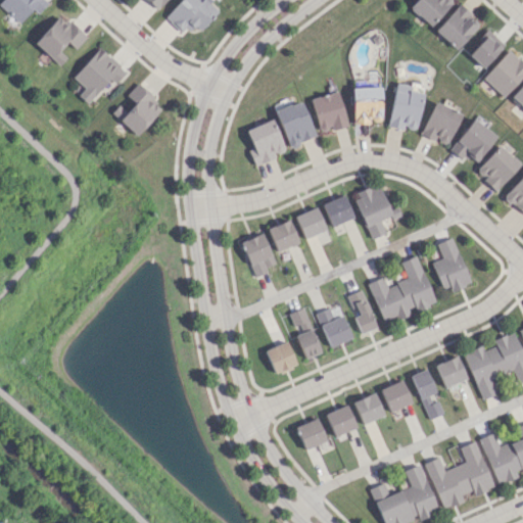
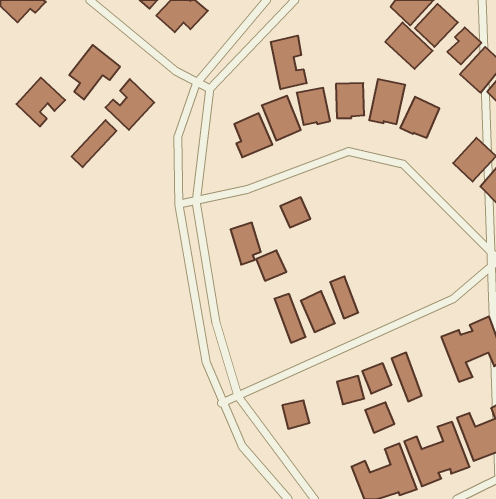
building: [37,14,88,65] -> [16,78,65,126]
building: none -> [385,22,433,69]
building: none -> [271,36,307,89]
building: [450,118,498,161] -> none
building: none -> [72,120,116,167]
building: [354,183,401,239] -> none
building: [324,194,355,226] -> none
building: [270,220,301,251] -> [256,250,286,281]
building: [433,237,472,291] -> none
building: [370,255,436,321] -> none
building: [268,341,298,373] -> none
building: [437,355,468,387] -> none
building: [327,405,358,436] -> [365,402,394,433]

